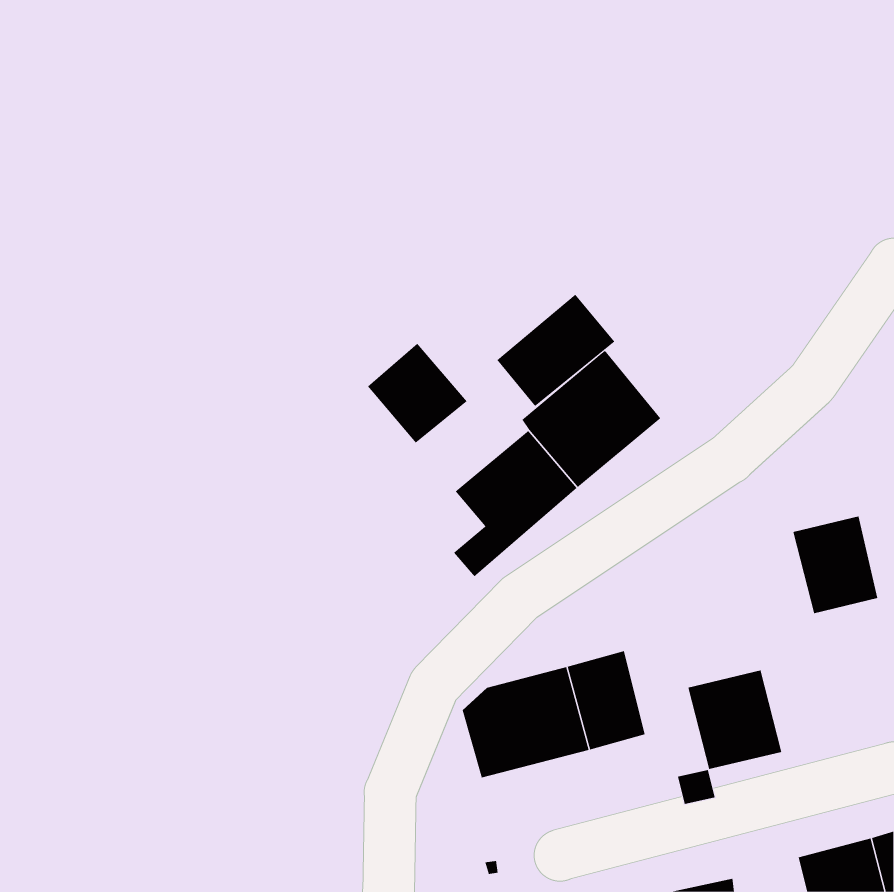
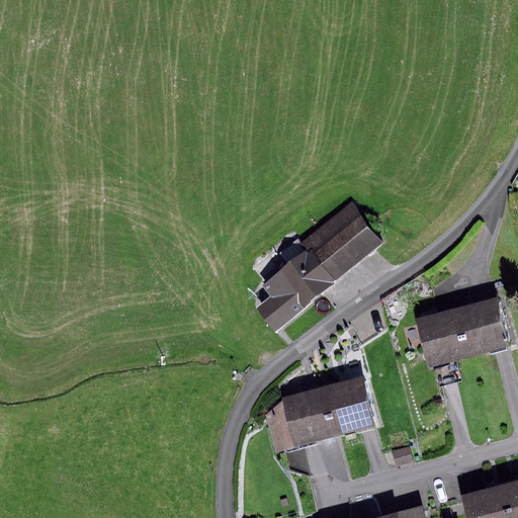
building: [496,294,615,407] -> none
building: [367,343,467,443] -> none
building: [688,670,782,770] -> [416,308,470,365]

